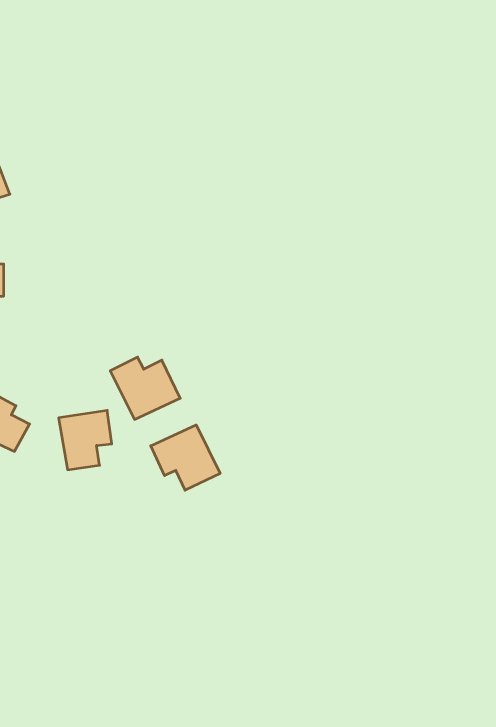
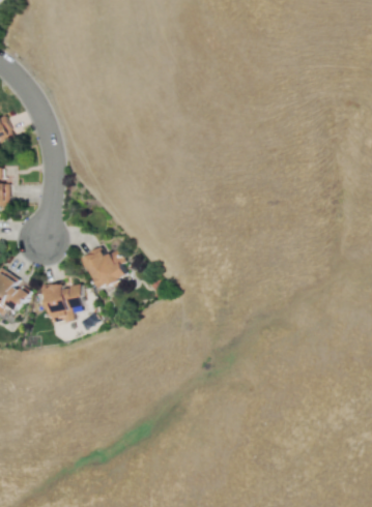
building: [151,425,220,490] -> none

